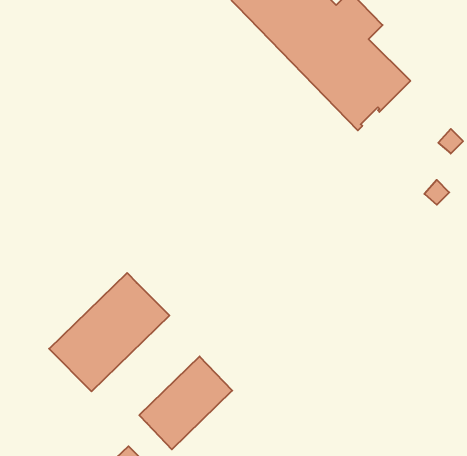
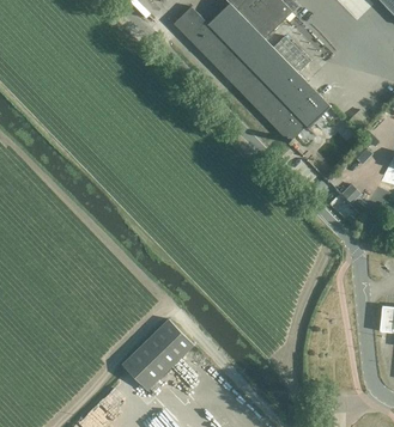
building: [49,273,169,391] -> none

